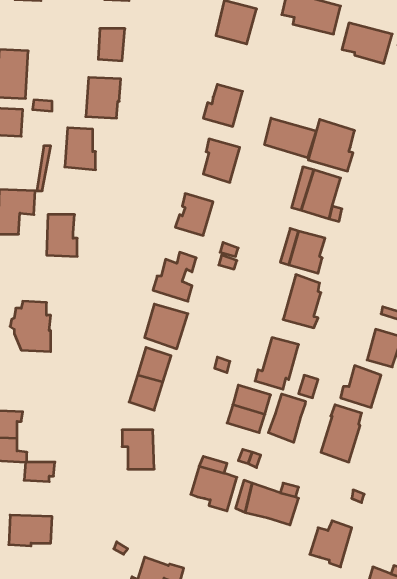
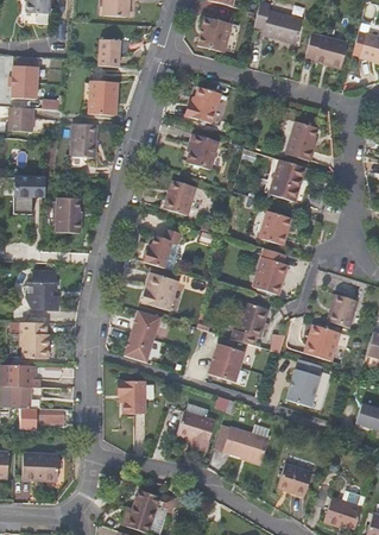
building: [265,118,316,158] -> none
building: none -> [20,322,49,358]
building: [268,394,305,442] -> none

